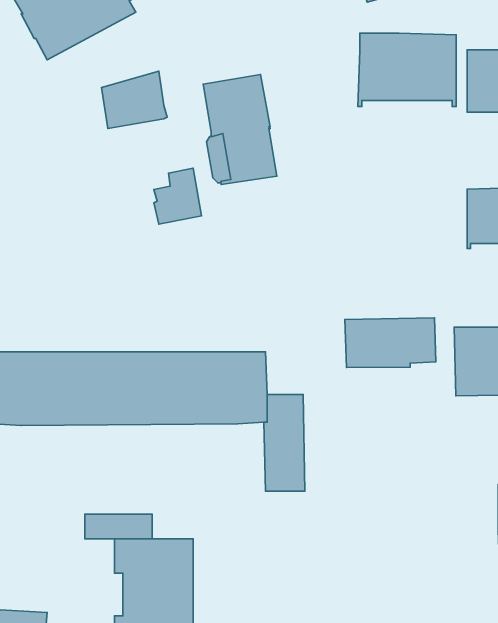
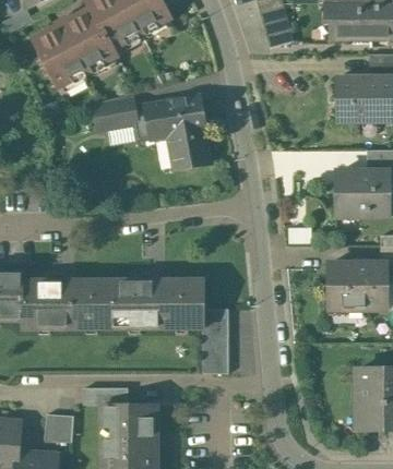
building: [358,33,456,106] -> none
building: [154,168,201,224] -> [135,101,167,139]
building: [345,318,436,368] -> none
building: none -> [45,413,74,441]

